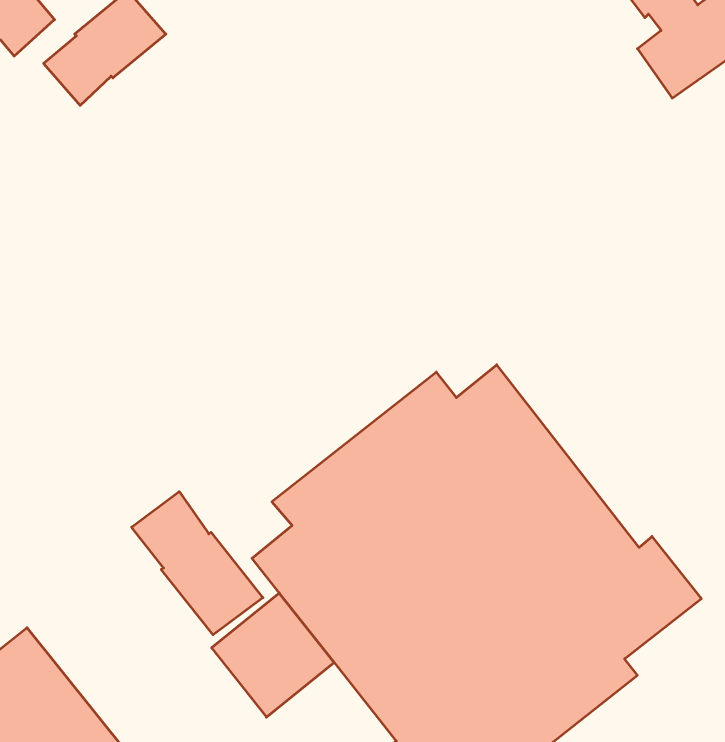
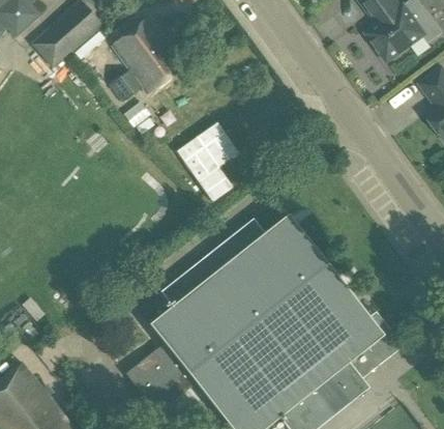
building: none -> [110,18,185,102]
building: none -> [176,119,238,198]
building: [132,492,263,635] -> none

